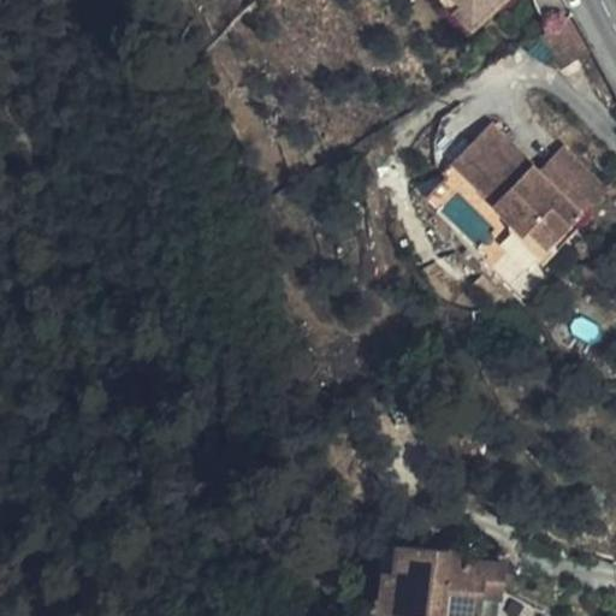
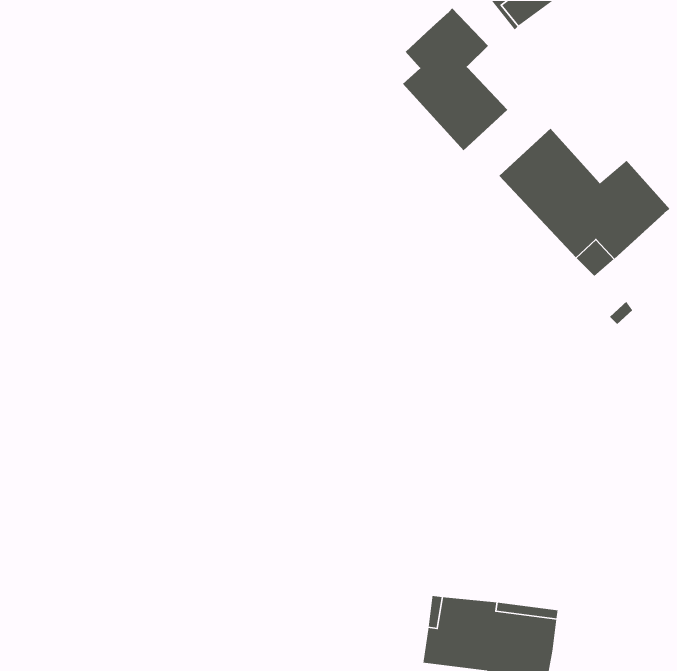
building: none -> [402,8,508,151]

